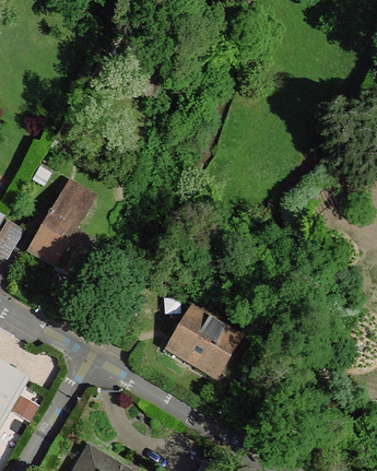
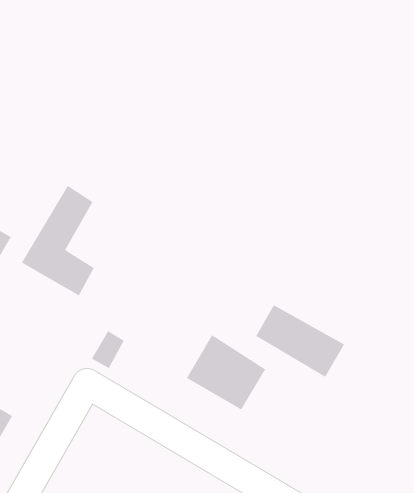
building: none -> [255,304,345,378]

